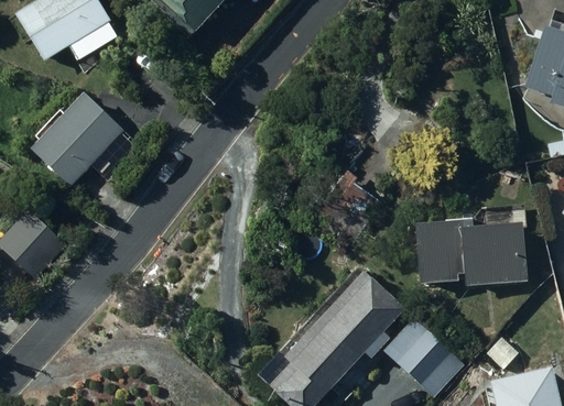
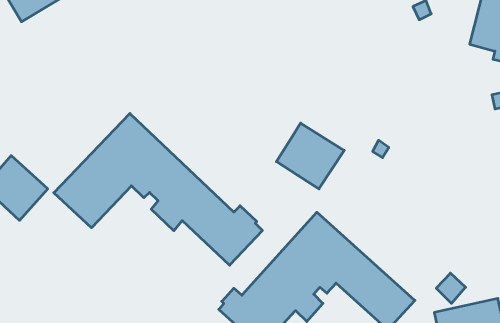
building: [28,92,123,188] -> none
building: none -> [54,113,262,265]
building: [412,218,529,288] -> none

